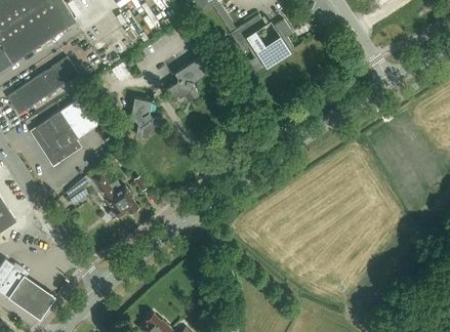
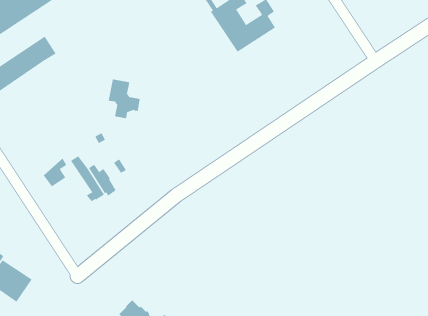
building: [167,55,210,101] -> none
building: [30,94,106,166] -> none

